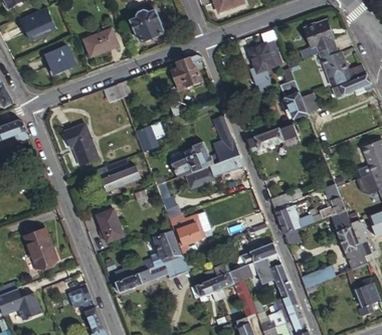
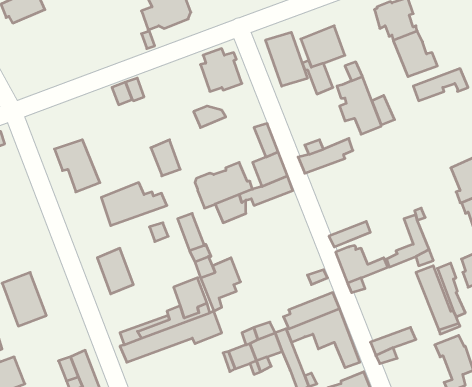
building: [85,30,120,57] -> none
building: none -> [266,32,307,86]
building: [46,47,76,73] -> none

